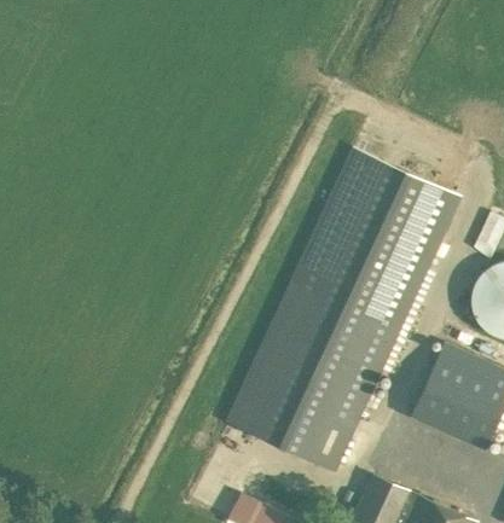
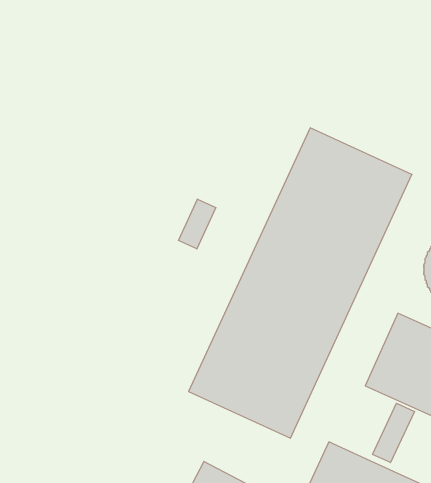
building: none -> [178,199,216,249]
building: none -> [373,403,414,463]

